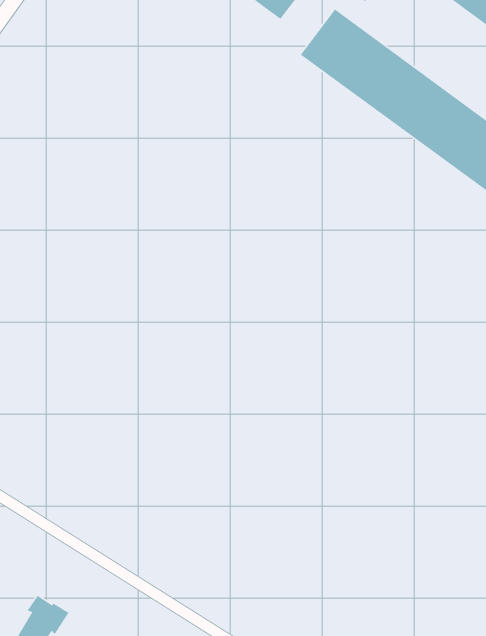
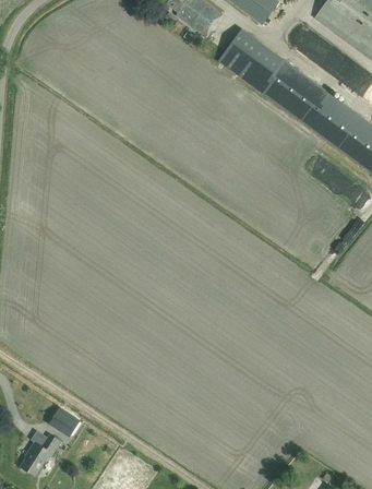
building: none -> [50,405,83,436]

